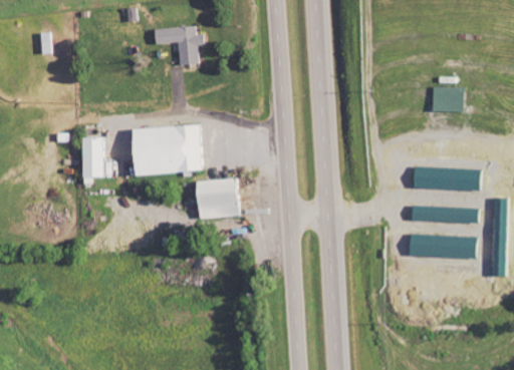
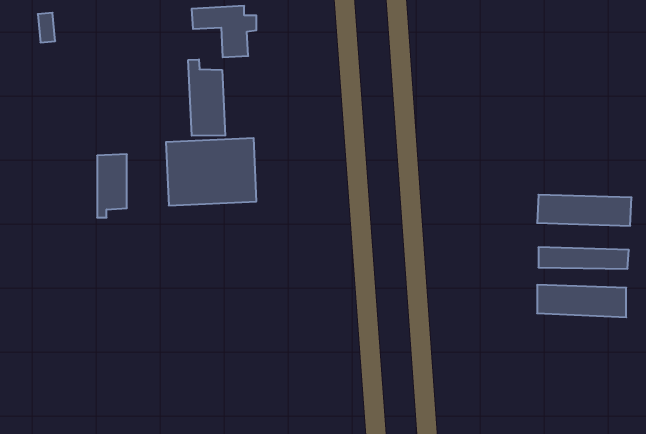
building: none -> [188,59,225,136]
building: [430,87,463,112] -> none
building: [195,179,238,218] -> none

